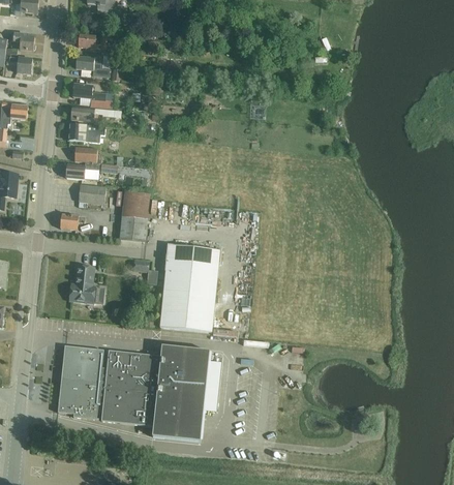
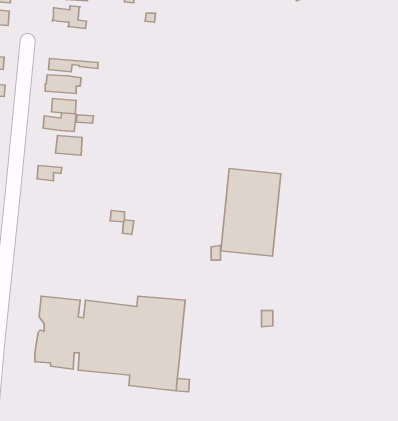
building: [72,83,111,108] -> none
building: [120,191,150,242] -> none
building: [159,244,219,332] -> [221,169,281,256]
building: [69,265,94,303] -> none

